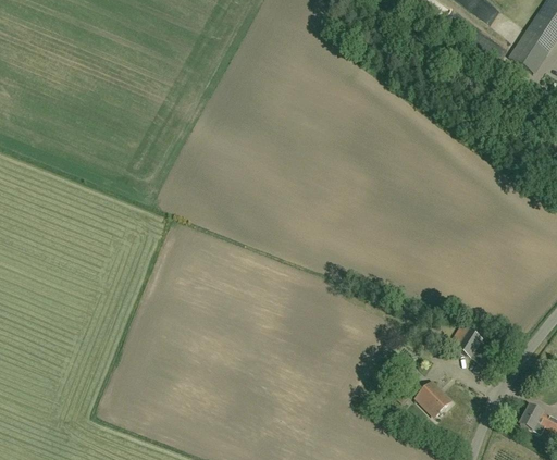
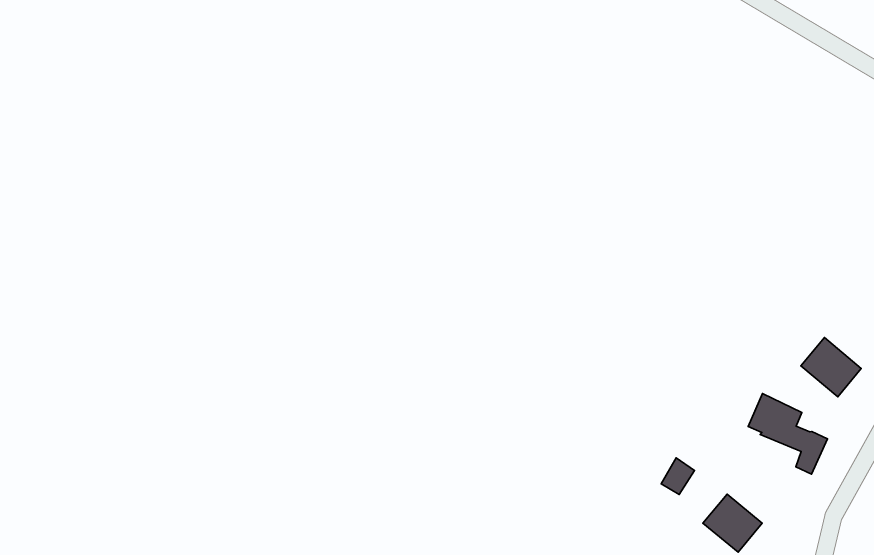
building: none -> [801,338,861,397]

